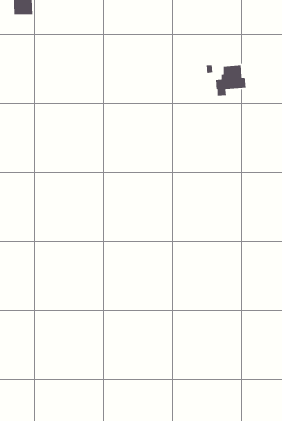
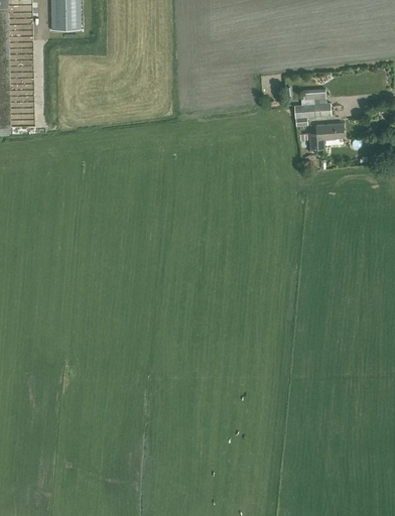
building: none -> [306,123,344,154]

